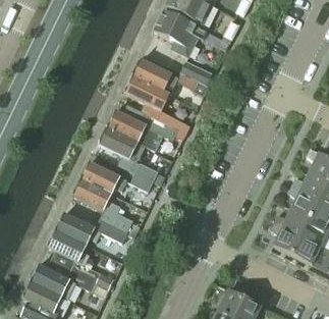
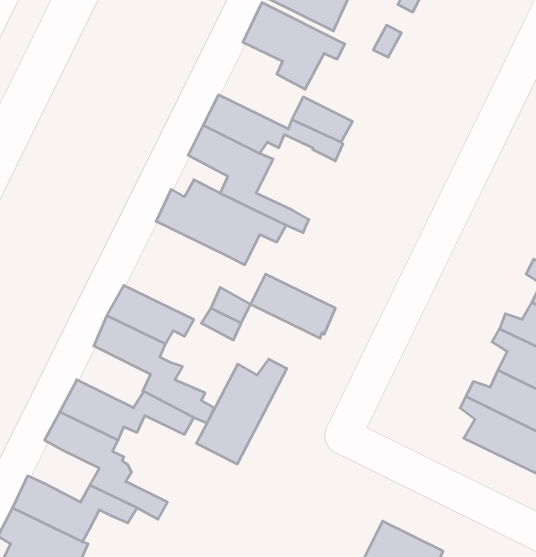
building: [98,127,144,162] -> [250,274,335,338]
building: none -> [196,359,287,464]

